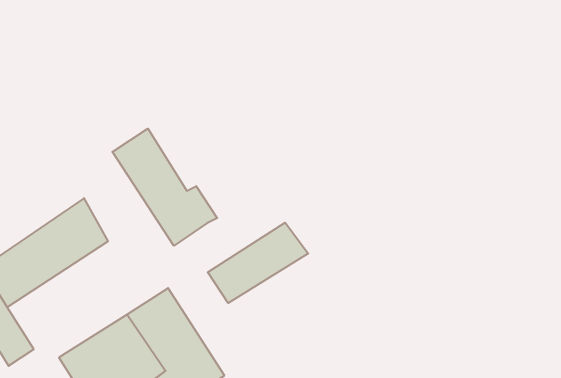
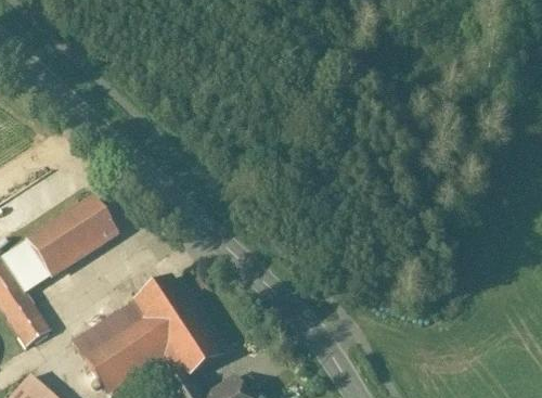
building: [112,129,217,246] -> none
building: [208,223,308,303] -> none

